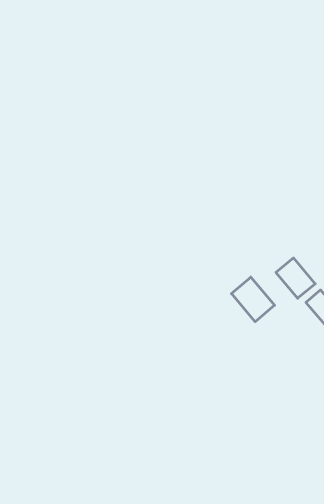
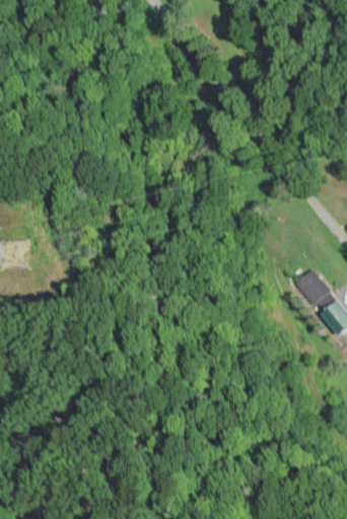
building: [231,277,275,322] -> none

